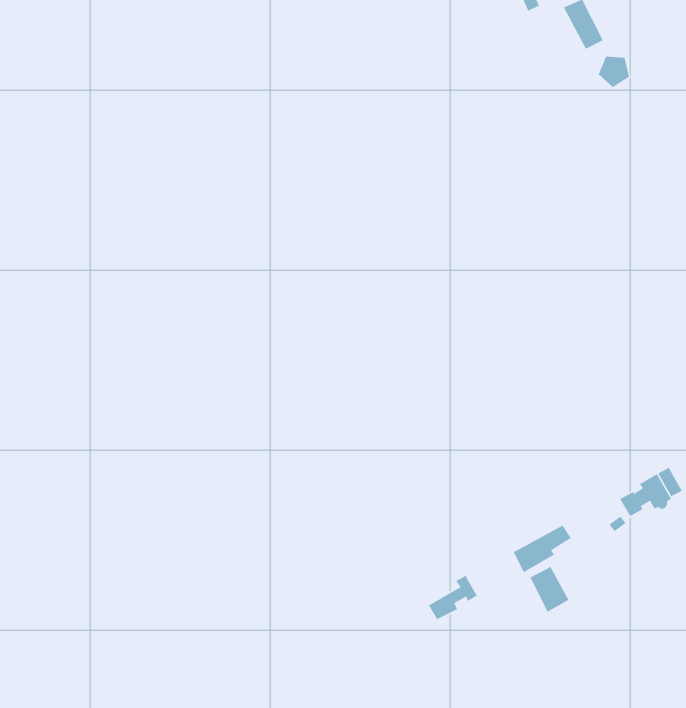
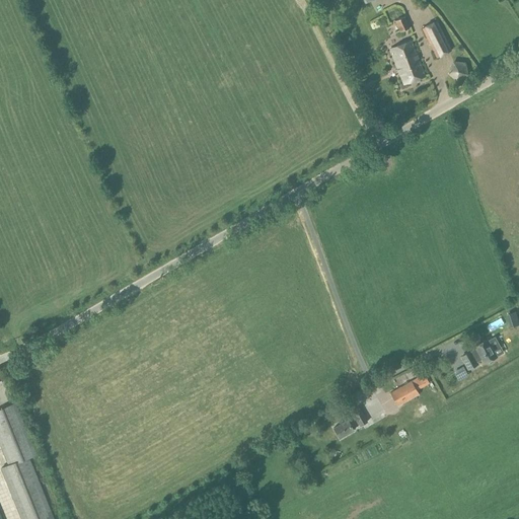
building: none -> [390,42,424,84]
building: [530,566,570,613] -> none

